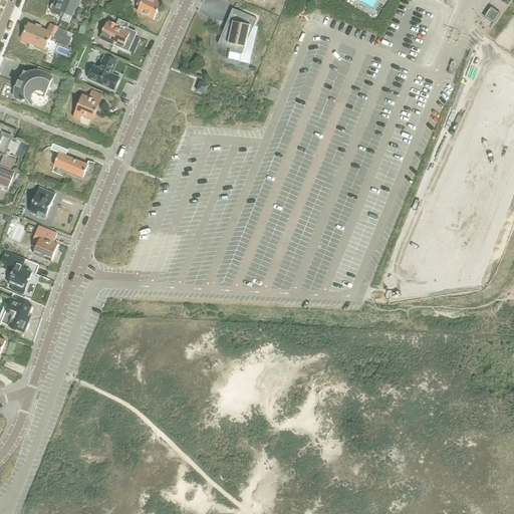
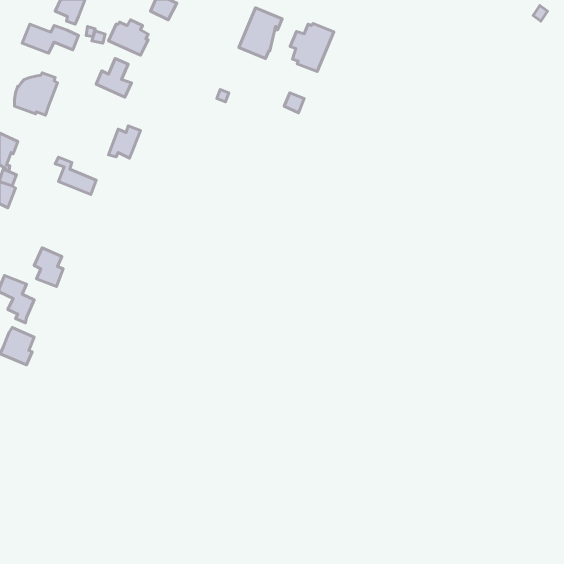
building: none -> [290,24,334,71]
building: [72,90,101,119] -> [108,126,140,158]
building: [28,188,54,219] -> none

